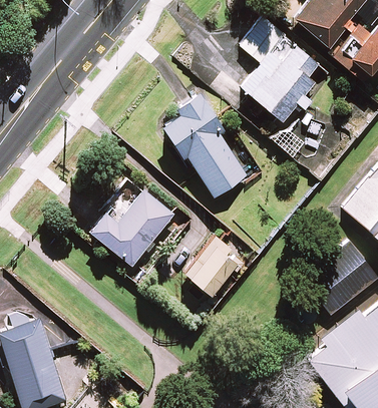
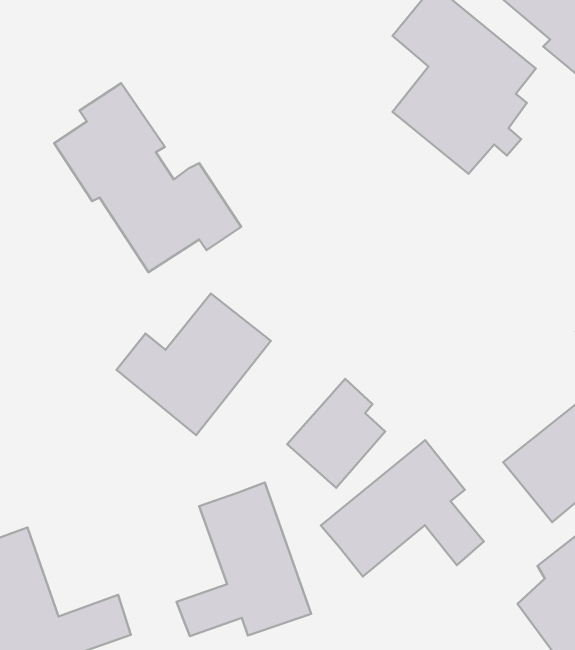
building: [161,92,265,196] -> [54,83,241,272]
building: none -> [321,440,484,576]
building: none -> [176,483,311,636]

